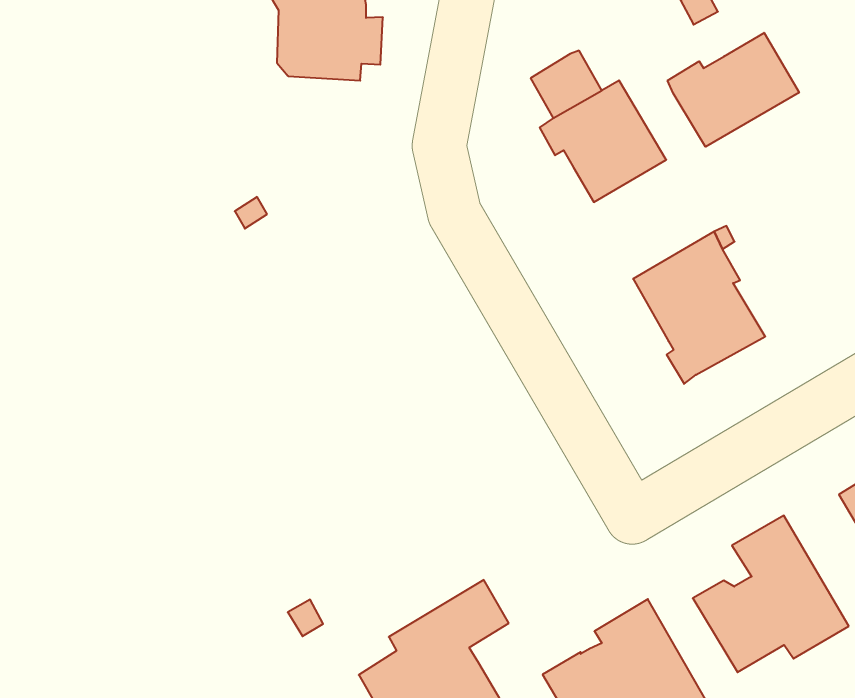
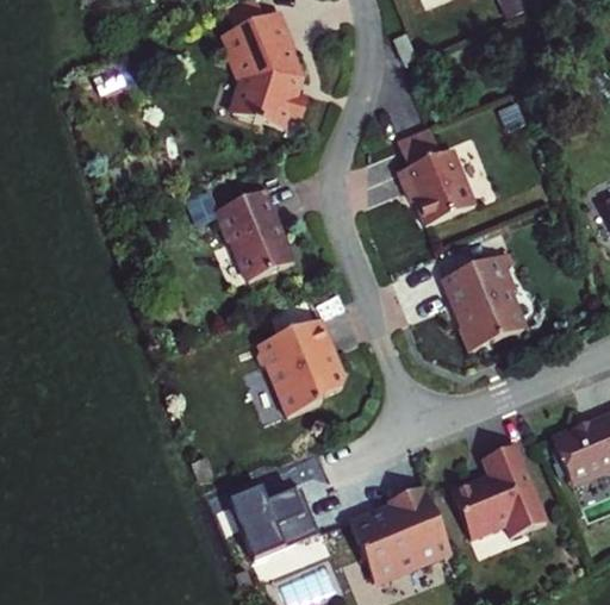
building: [668,33,799,147] -> none
building: none -> [217,186,293,277]
building: none -> [255,317,348,417]

